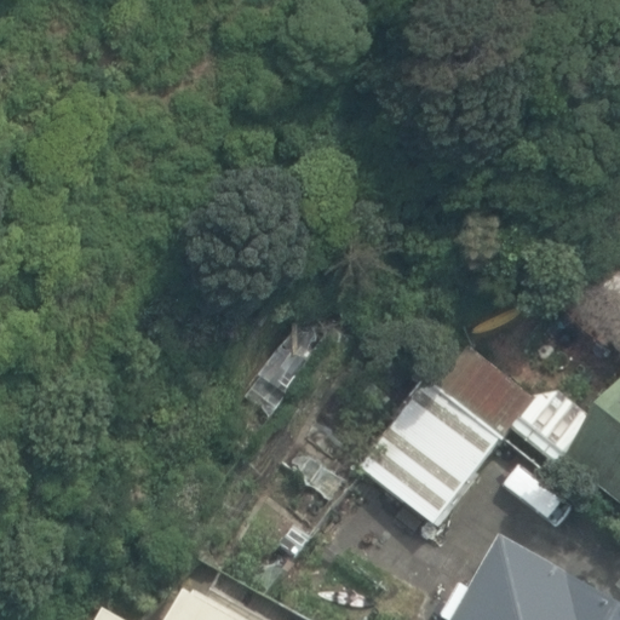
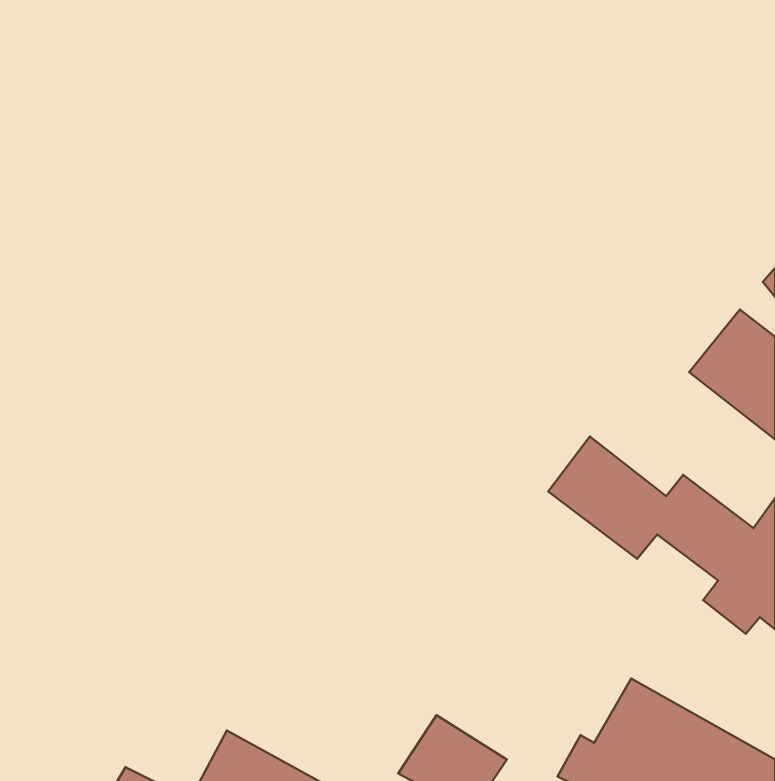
building: [357,381,504,529] -> none

